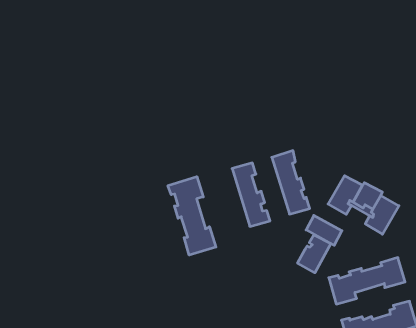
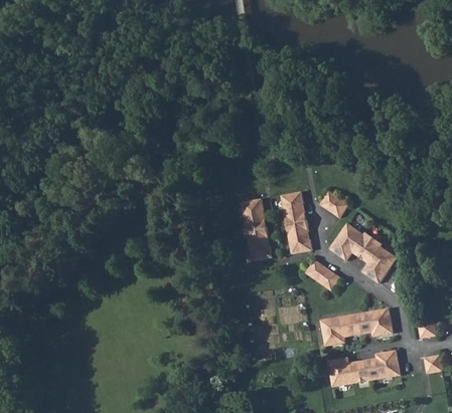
building: none -> [320,191,349,218]
building: [168,177,216,255] -> none
building: [298,235,331,273] -> none

